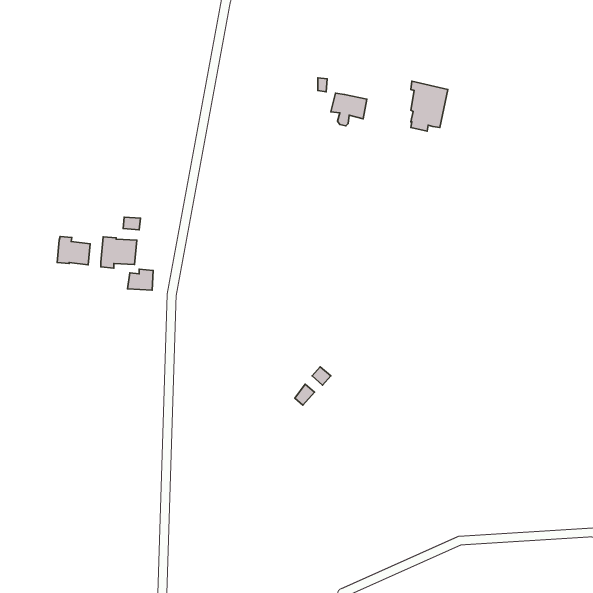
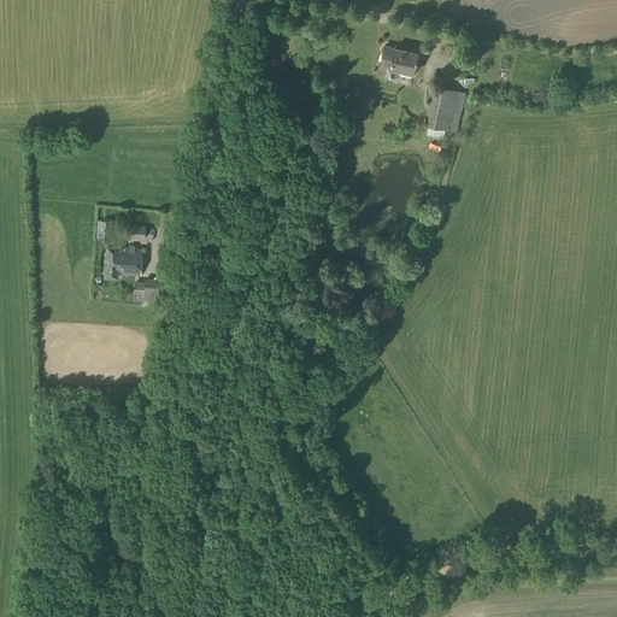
building: [331,93,367,126] -> [380,47,417,81]
building: [57,236,90,265] -> none

